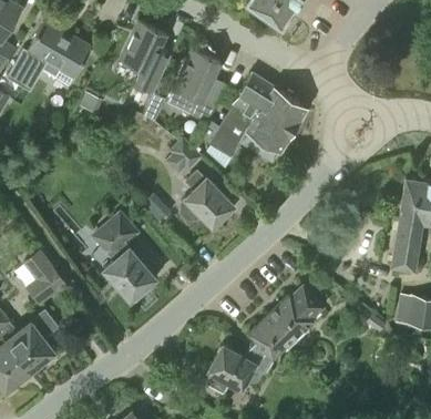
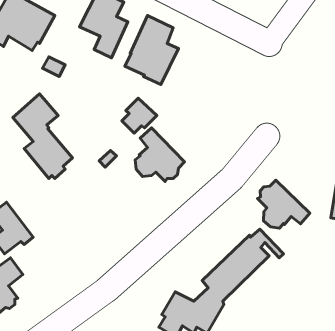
building: [199,74,305,168] -> none
building: [91,211,155,302] -> [13,94,72,178]
building: none -> [257,180,310,228]

